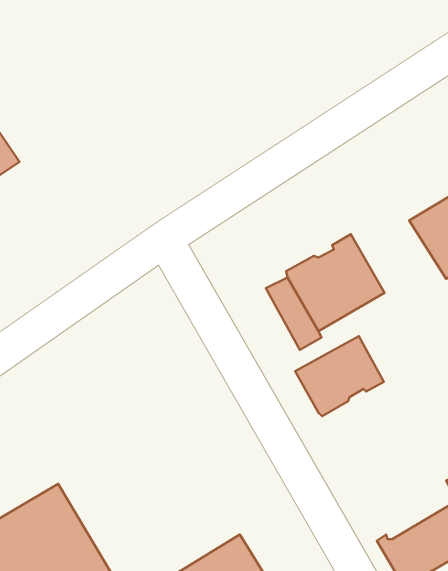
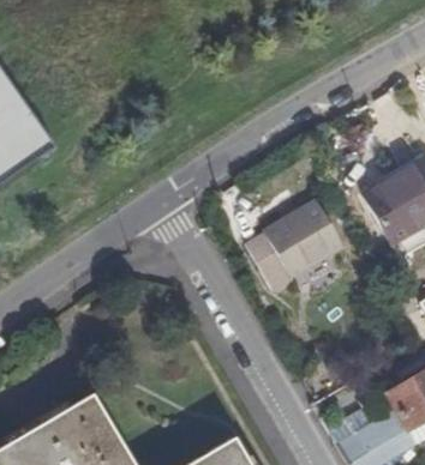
building: [295,336,384,416] -> none

